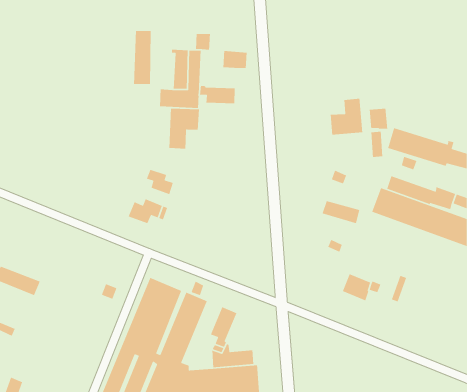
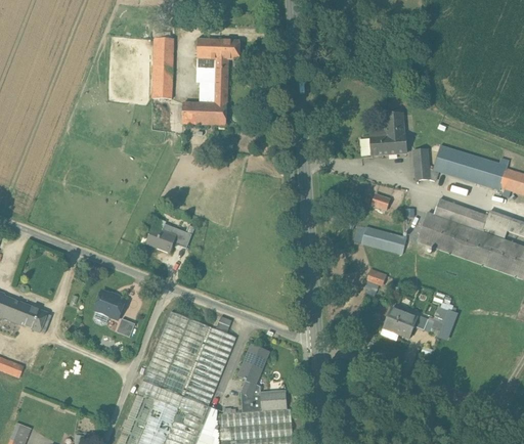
building: [223,50,248,69] -> [194,39,222,59]
building: [199,85,236,104] -> none
building: [168,108,200,149] -> none
building: [369,108,388,130] -> none
building: [146,169,174,195] -> none
building: none -> [94,291,126,319]

